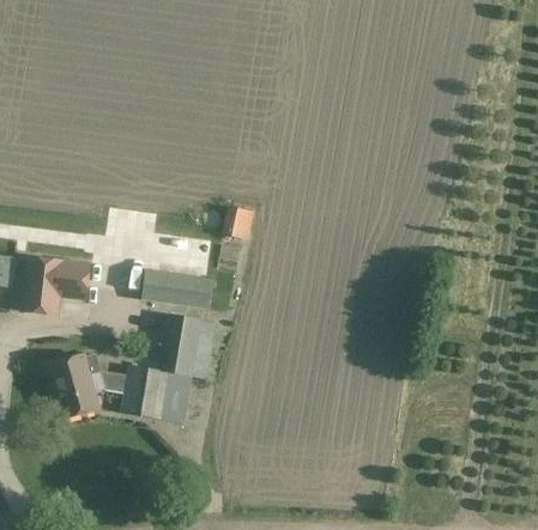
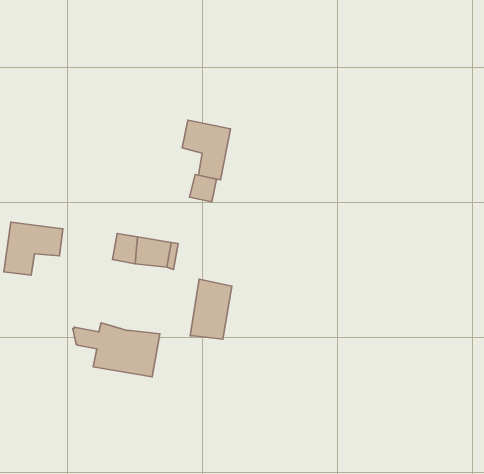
building: none -> [182,120,231,180]
building: [158,312,202,376] -> [190,279,232,339]
building: [49,352,102,420] -> none

